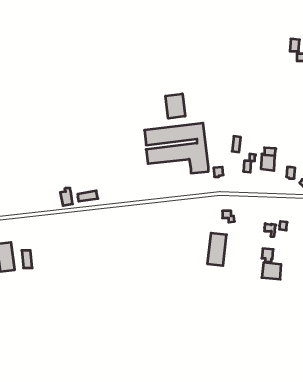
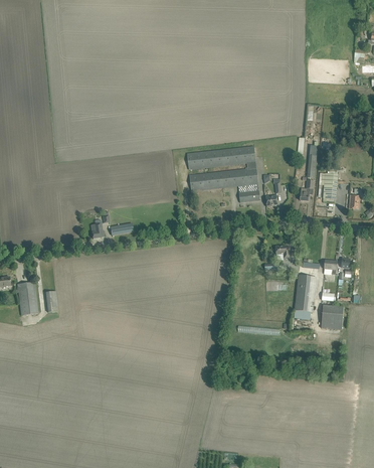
building: [166,94,185,118] -> none
building: [207,233,227,266] -> [295,275,317,312]

